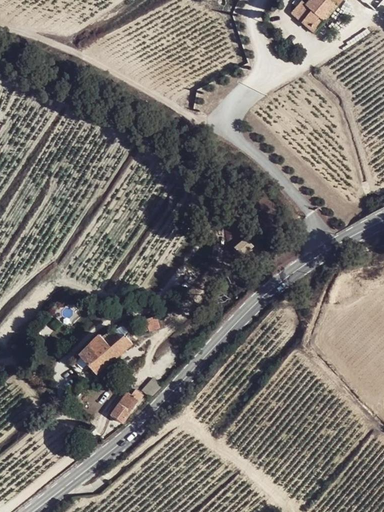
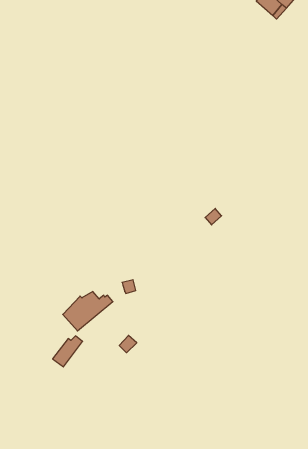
building: [109,389,142,423] -> [53,336,83,367]

